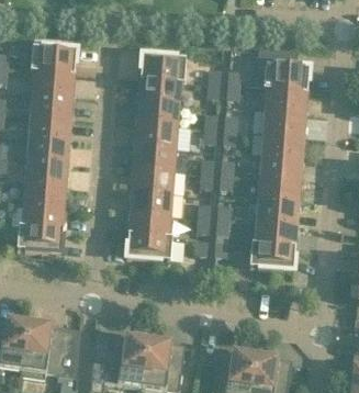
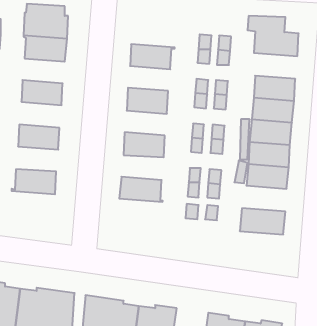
building: [139,55,186,81] -> none
building: [263,87,307,113] -> none
building: [30,92,72,117] -> none
building: [136,100,179,125] -> none
building: [26,136,69,162] -> none
building: [133,145,176,170] -> none
building: [23,181,66,206] -> none
building: [130,190,172,215] -> none
building: [251,221,296,247] -> none
building: [16,226,63,252] -> none
building: [126,234,171,260] -> none

